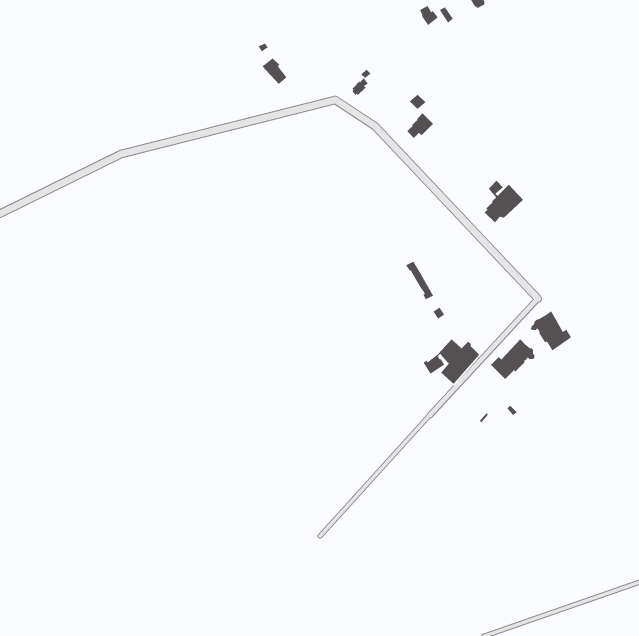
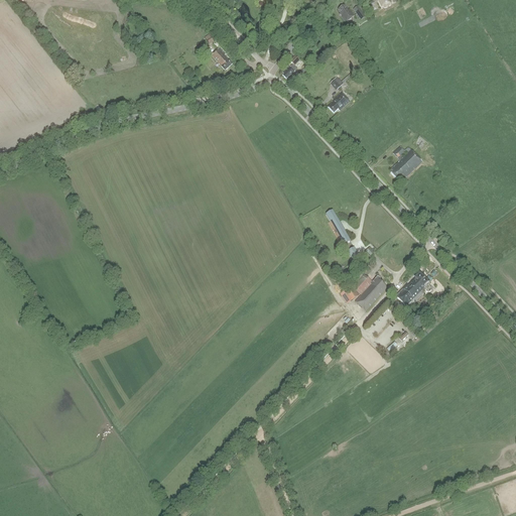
building: [530,310,572,351] -> none

